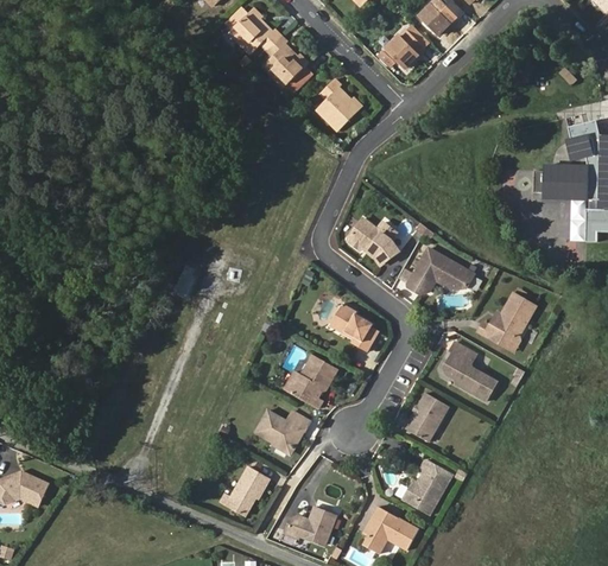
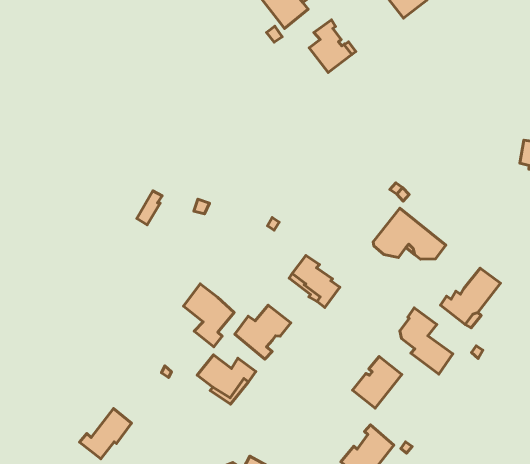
building: [348,220,398,265] -> none
building: none -> [184,284,234,347]
building: [221,464,268,514] -> [79,408,131,459]

